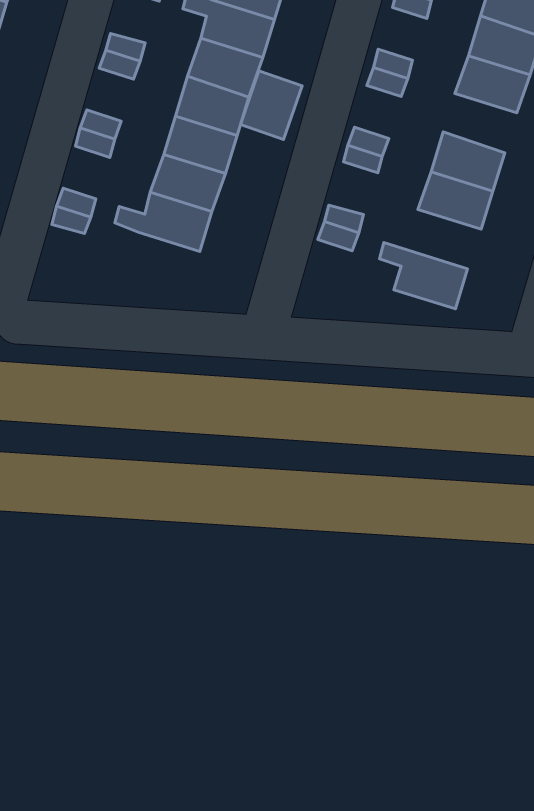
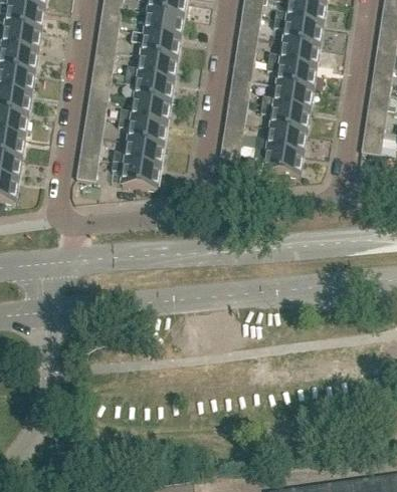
building: [240,71,302,140] -> none
building: none -> [276,63,314,90]
building: none -> [254,128,305,155]
building: none -> [121,163,158,190]

